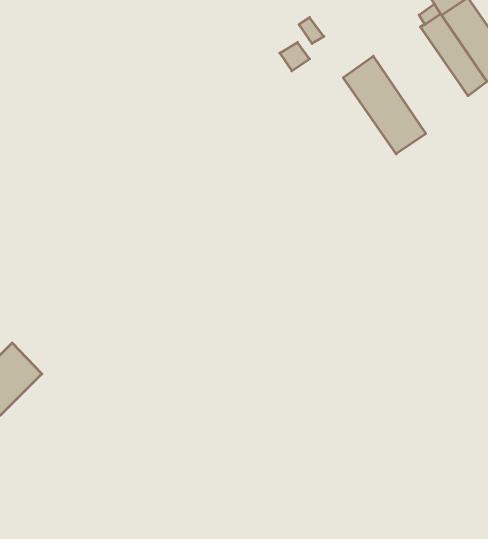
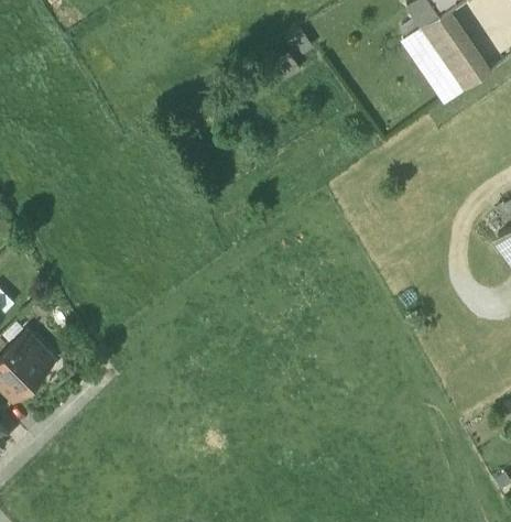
building: [343,56,426,154] -> none

